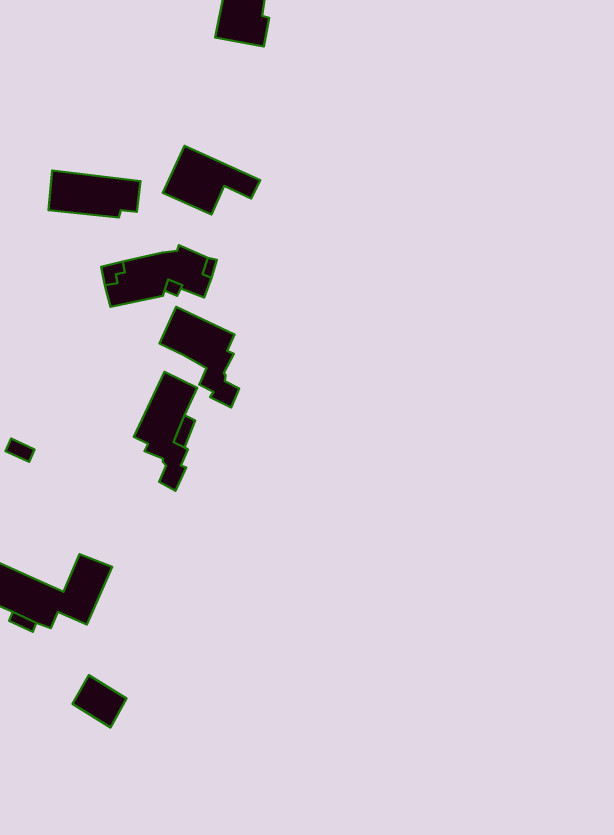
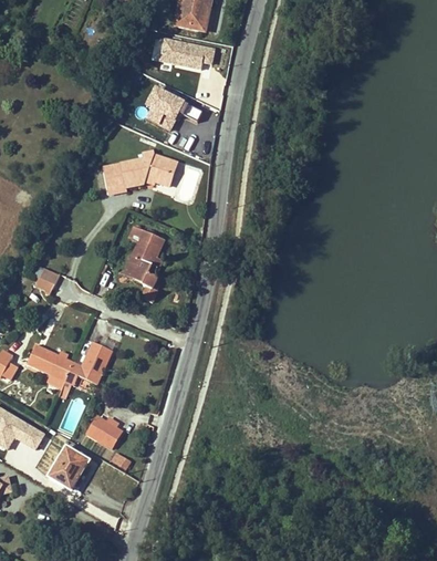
building: [48,170,141,217] -> [159,41,216,70]
building: [159,307,239,407] -> none
building: none -> [49,447,87,489]

